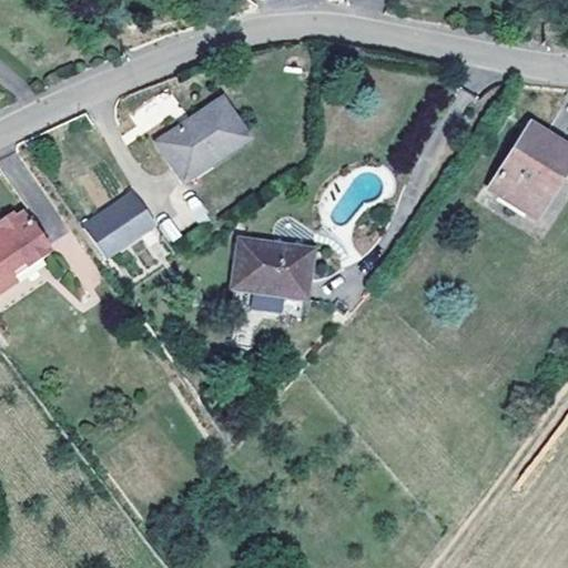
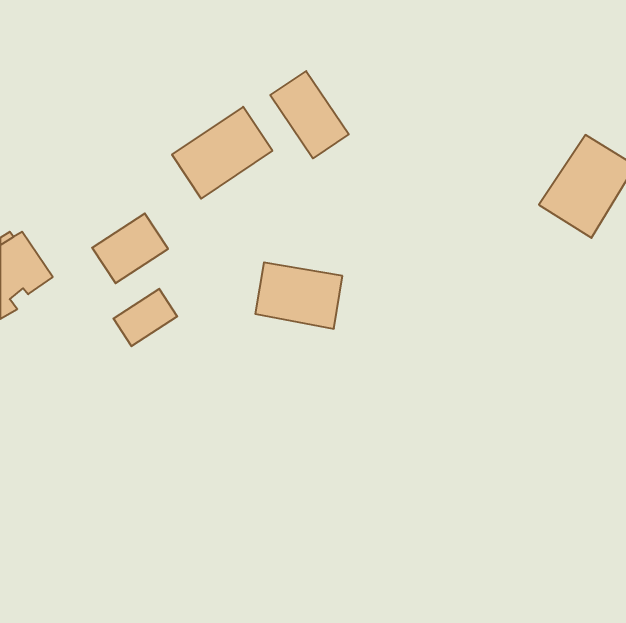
building: none -> [270,71,349,158]
building: none -> [113,289,177,346]

